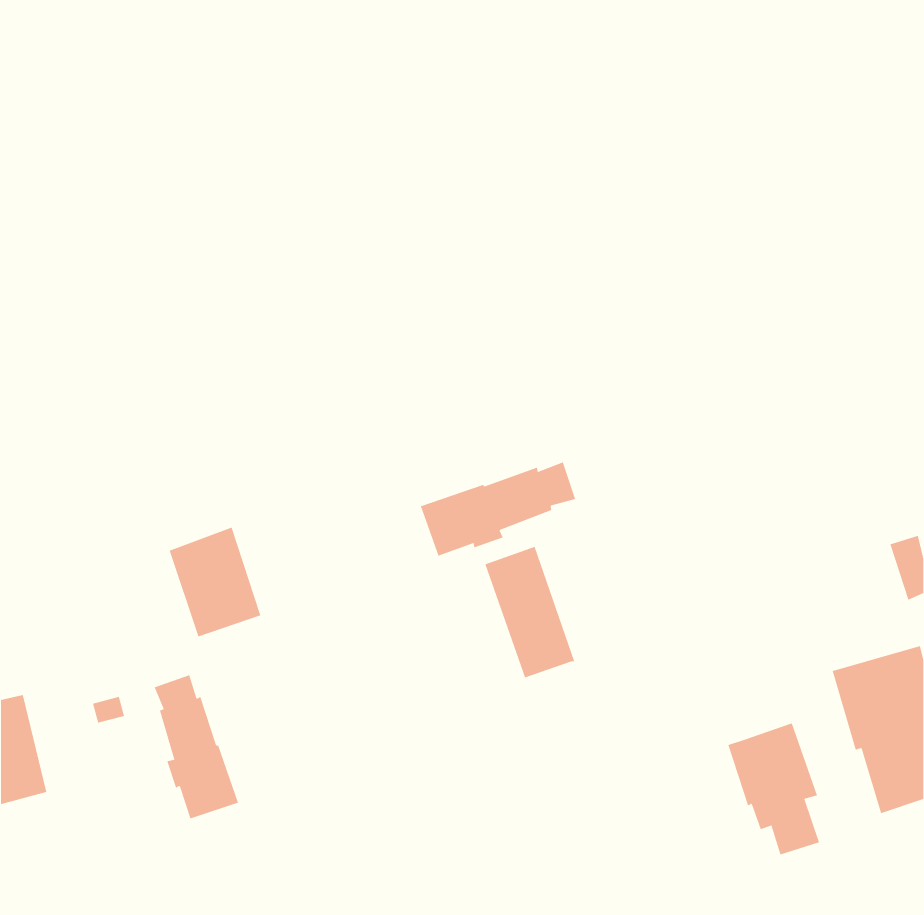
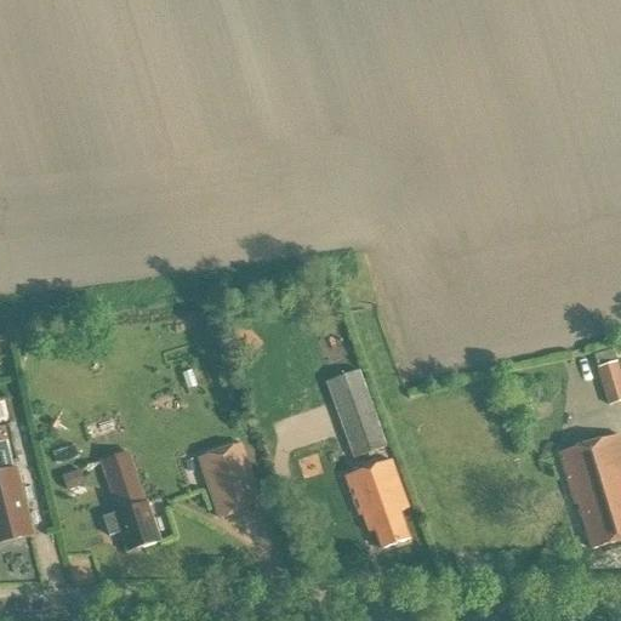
building: [420,462,576,556] -> none
building: [169,527,261,637] -> [199,439,261,513]
building: [728,723,820,855] -> [346,458,408,547]

